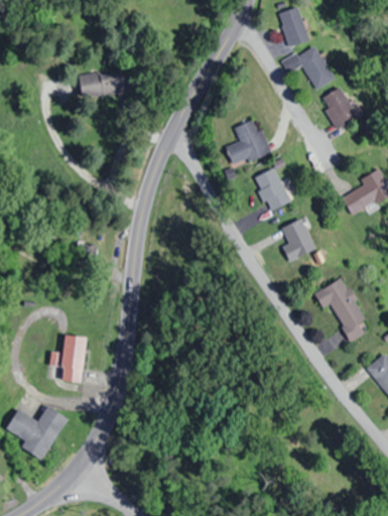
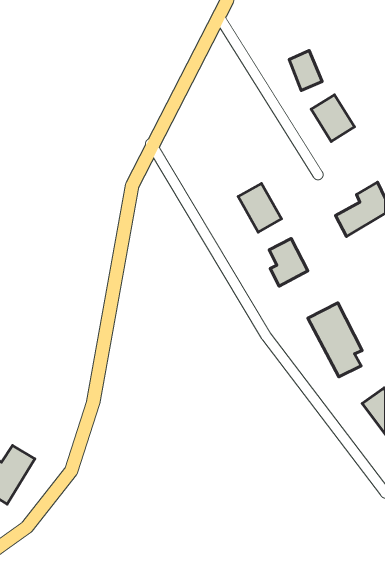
building: [277,6,309,46] -> none
building: [79,70,126,98] -> none
building: [227,118,269,165] -> none
building: [57,334,86,382] -> none

